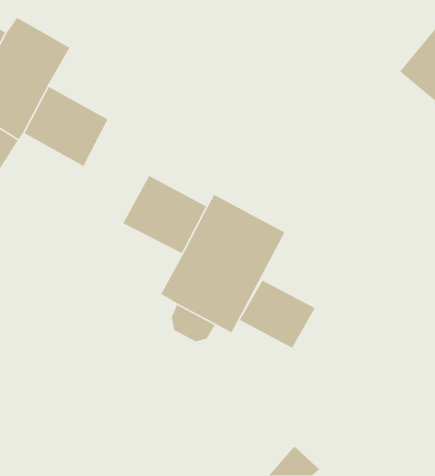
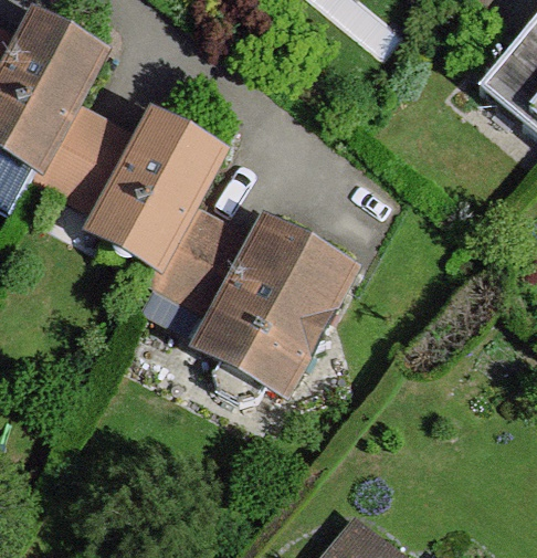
building: none -> [101,118,220,259]
building: [239,279,316,349] -> none

